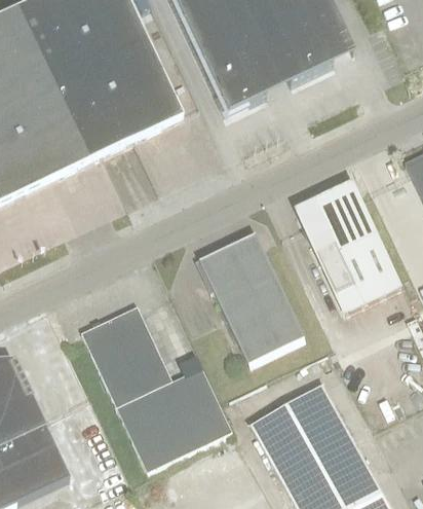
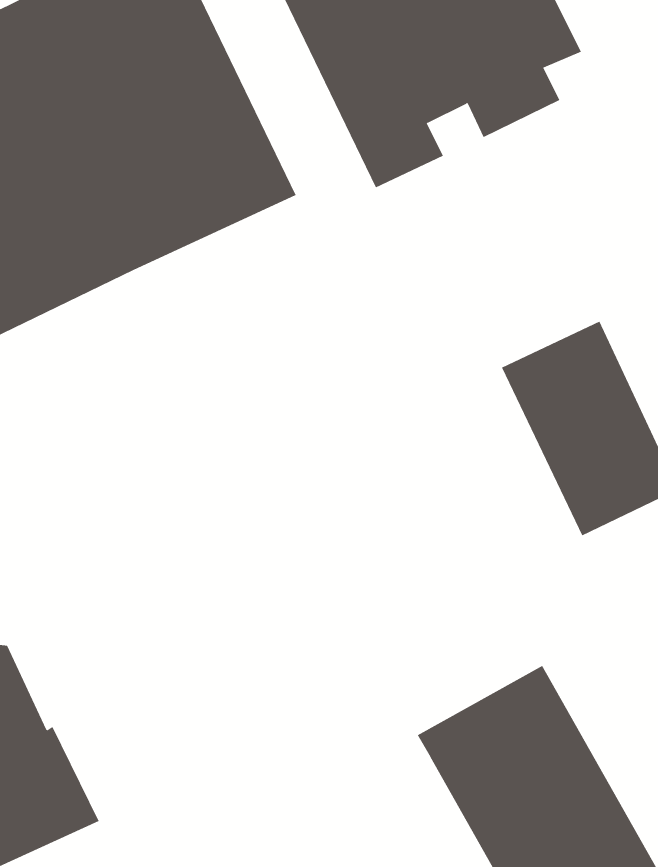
building: [201,234,305,363] -> none
building: [81,304,232,470] -> none

